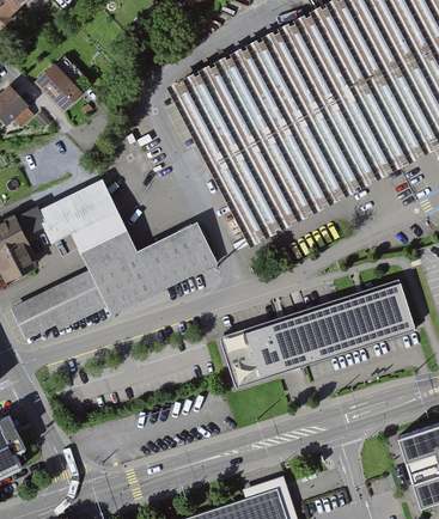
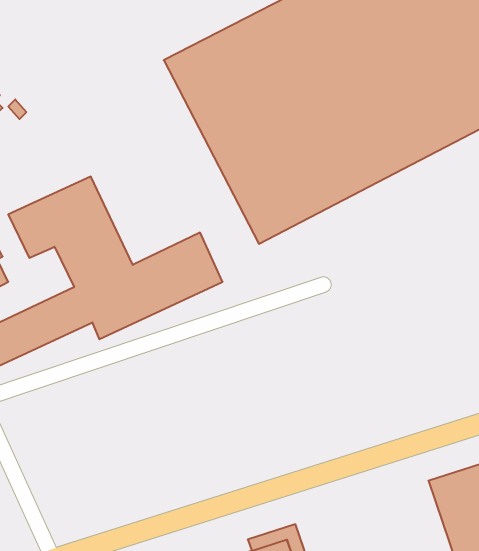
building: [35,63,84,112] -> none
building: [225,280,417,385] -> none

